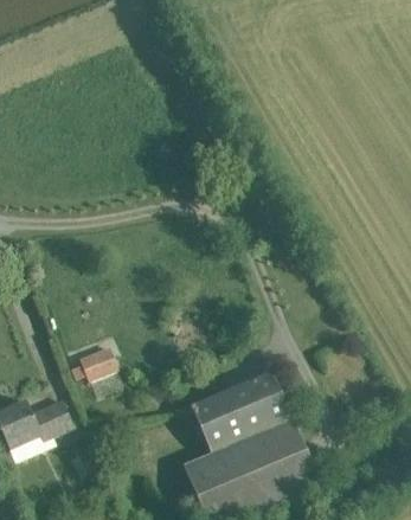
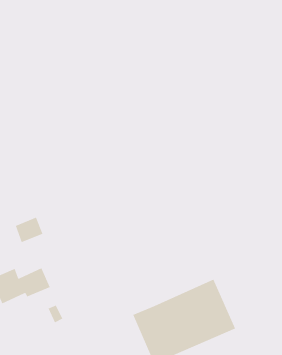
building: [82,345,120,380] -> [15,216,44,243]
building: [191,368,290,450] -> none

